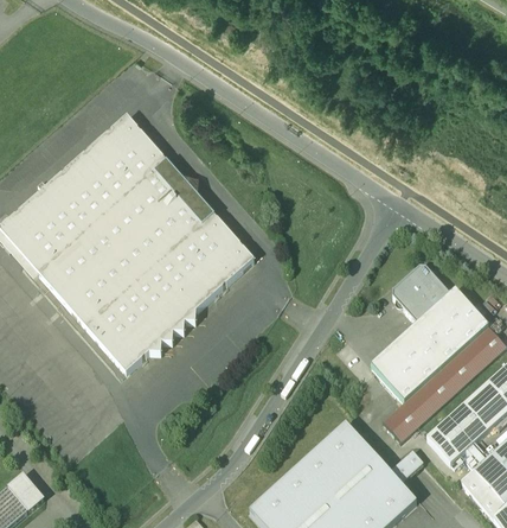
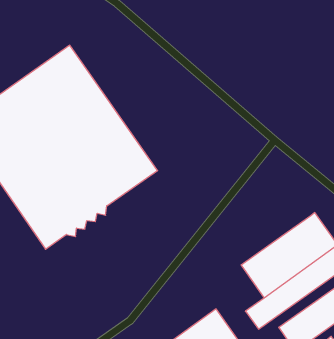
building: [391,265,450,322] -> none

